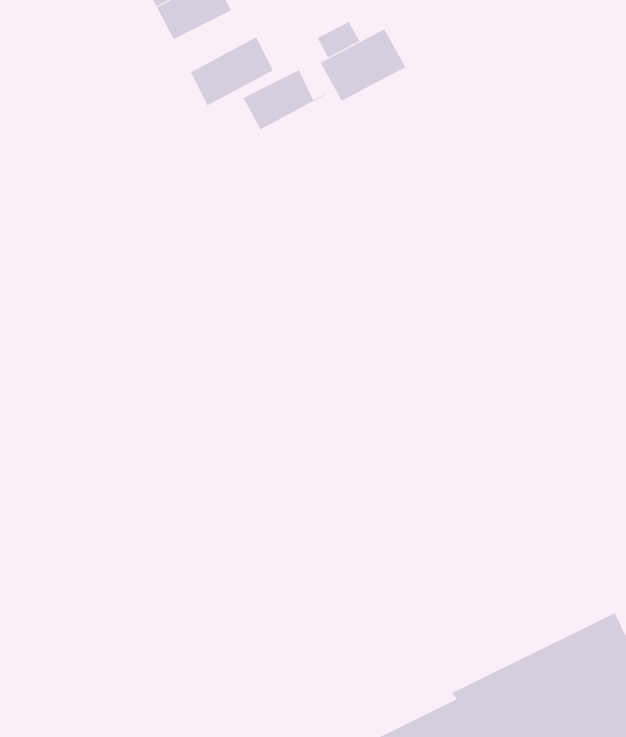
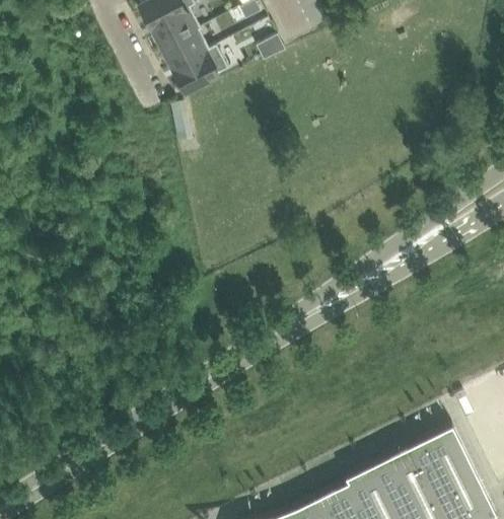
building: [320,29,406,101] -> none
building: [243,69,326,130] -> [161,31,216,72]

